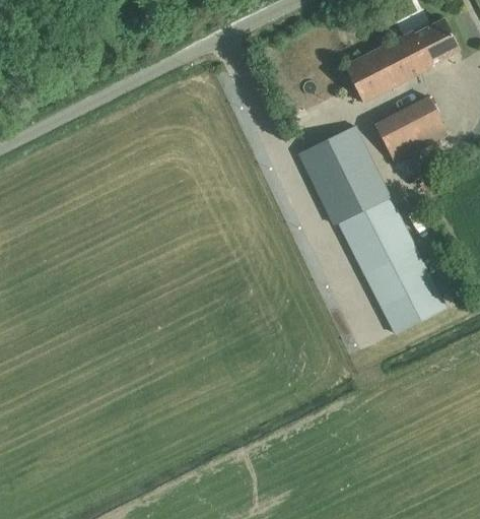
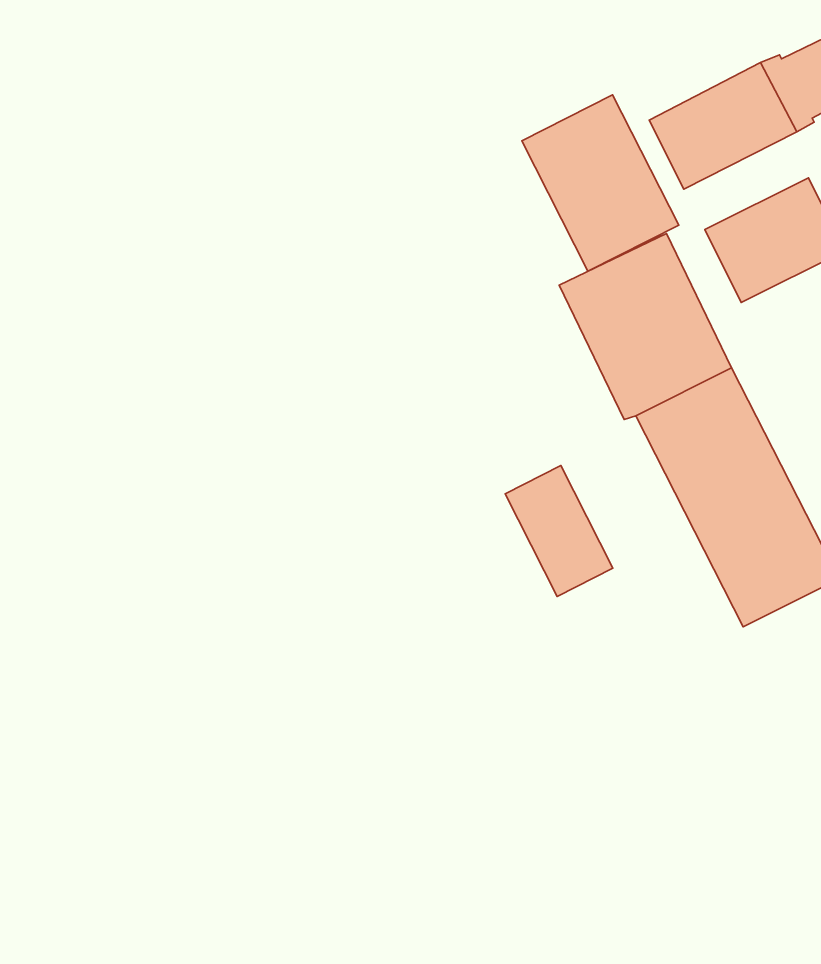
building: none -> [522,95,679,271]
building: none -> [505,466,613,596]

